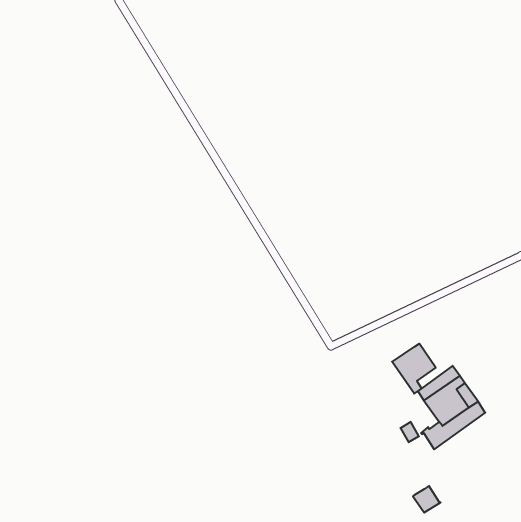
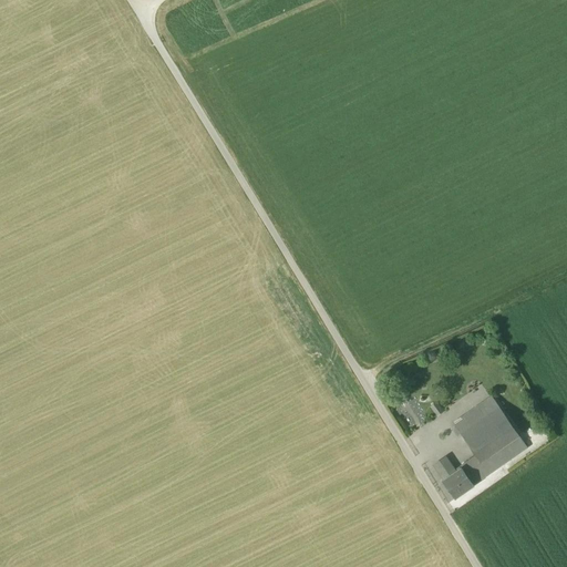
building: [392,344,436,394] -> none
building: [413,486,441,513] -> [442,470,472,498]

